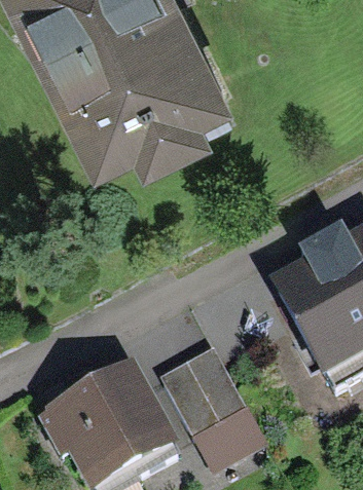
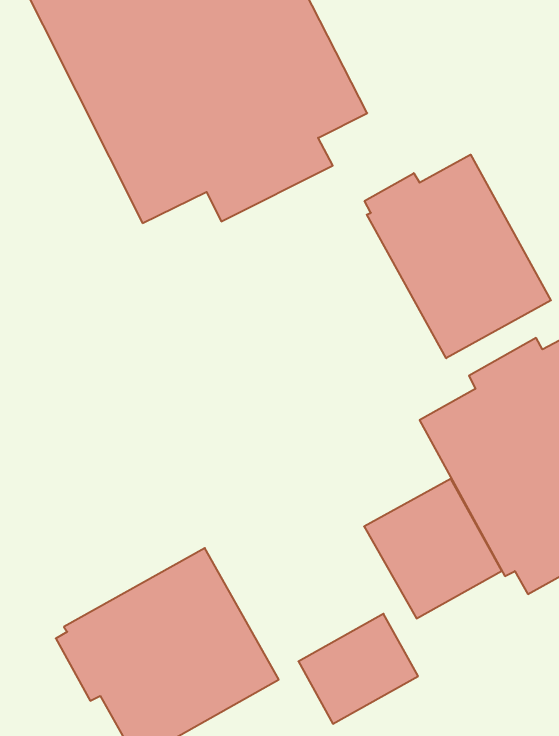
building: none -> [365,155,551,358]
building: [158,345,245,432] -> [364,479,502,618]

